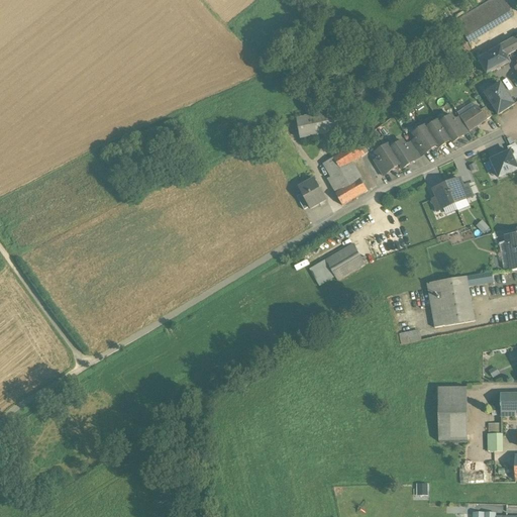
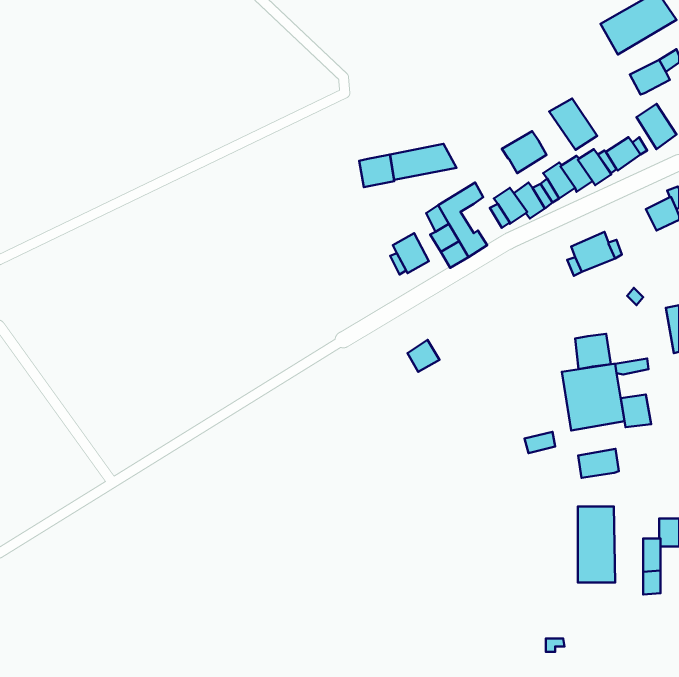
building: none -> [549,98,597,150]
building: none -> [502,131,547,173]
building: none -> [359,155,394,187]
building: [324,241,364,278] -> none
building: none -> [575,334,611,369]
building: none -> [621,394,651,427]
building: none -> [578,449,619,478]

